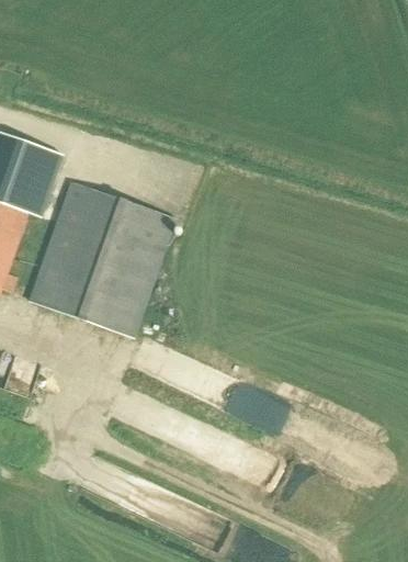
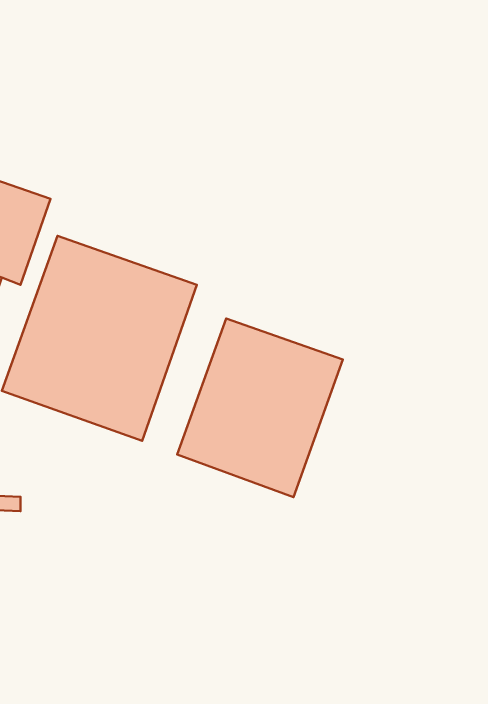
building: none -> [177,319,343,497]

